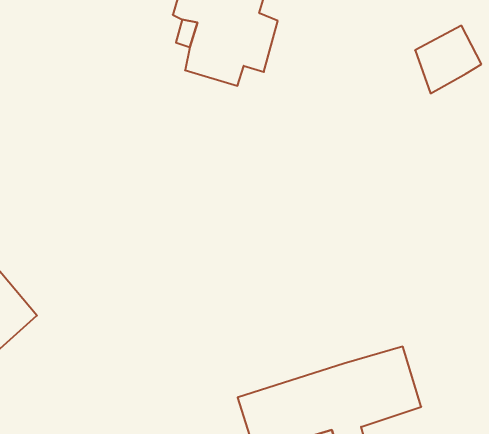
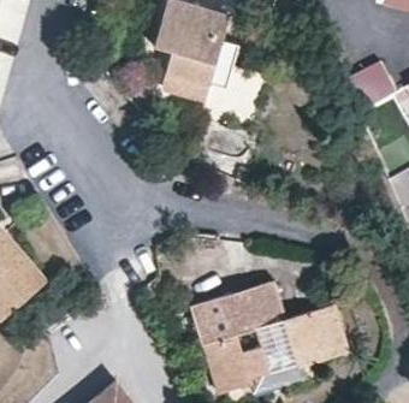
building: none -> [191,280,286,344]

